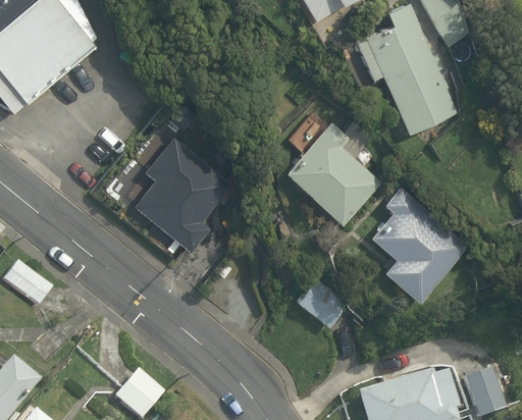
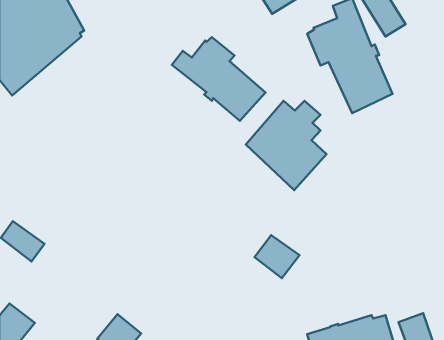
building: none -> [172,37,265,121]
building: [134,137,231,252] -> none
building: [370,186,467,302] -> none

